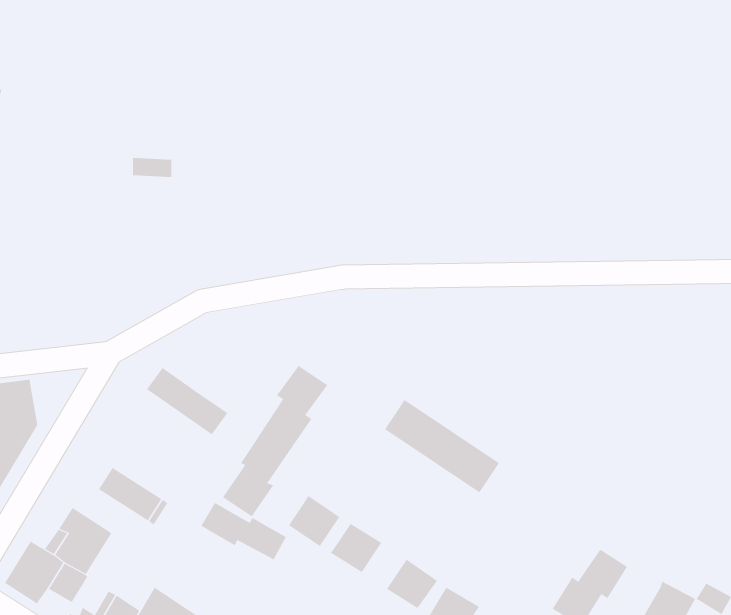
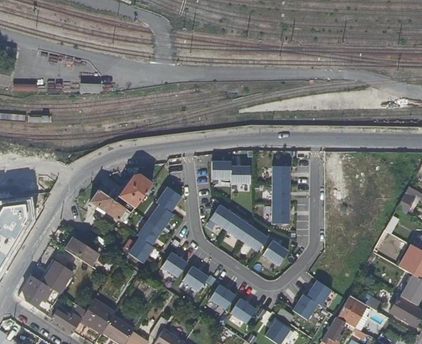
building: none -> [210,161,249,183]
building: none -> [271,165,289,223]
building: none -> [115,172,152,211]
building: none -> [262,239,288,265]
building: [200,502,287,560] -> none

